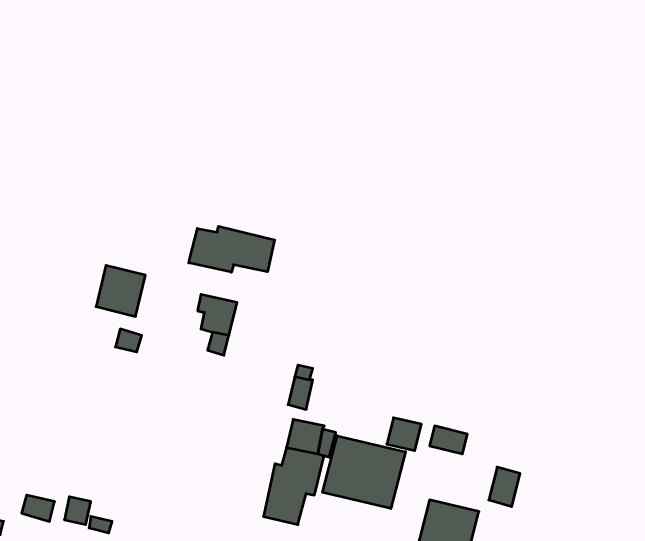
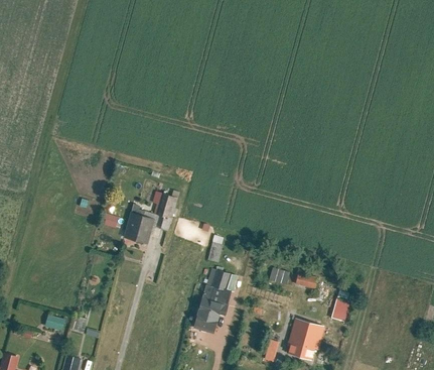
building: [189,226,275,272] -> none
building: [96,265,145,316] -> [124,212,154,243]
building: [323,436,406,509] -> none

